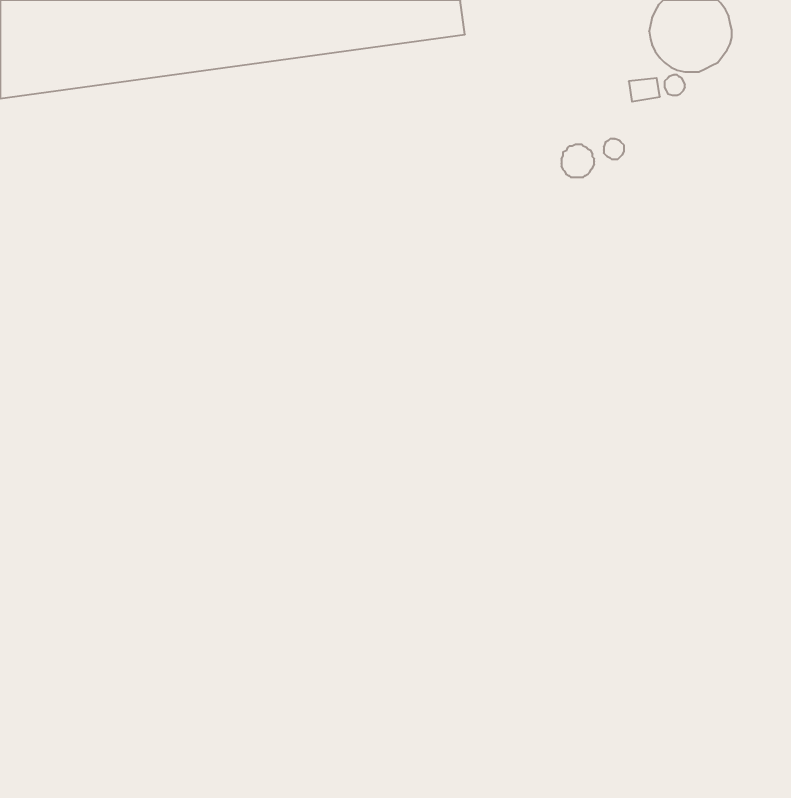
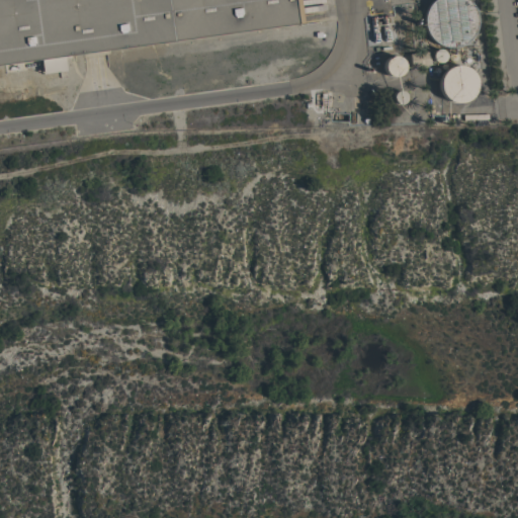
building: none -> [441,65,479,102]
building: [561,144,594,177] -> [385,55,407,76]

